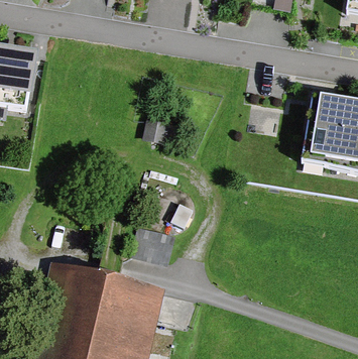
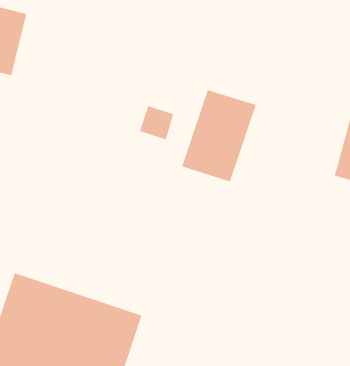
building: none -> [181,89,257,183]

